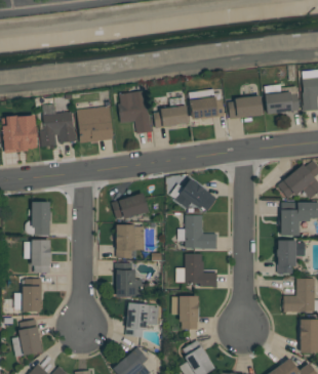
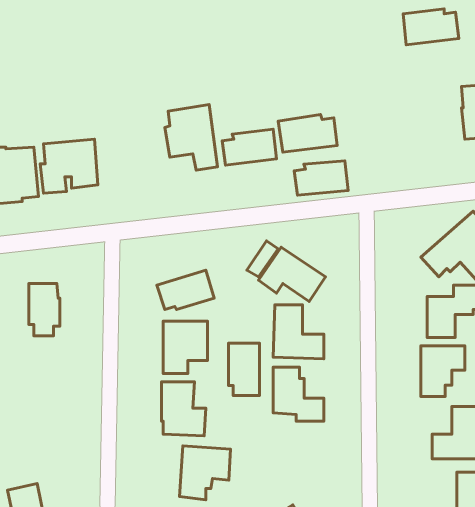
building: [265,92,300,115] -> [403,9,459,45]
building: [228,96,262,118] -> [294,161,348,195]
building: [76,107,113,143] -> none
building: [31,240,50,273] -> none
building: [23,286,40,311] -> none
building: [178,296,198,329] -> [228,343,260,396]

